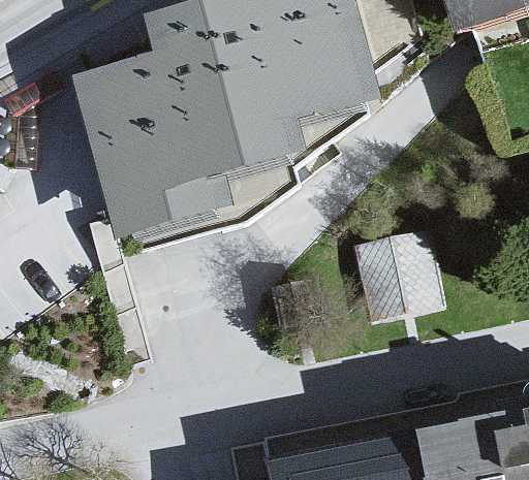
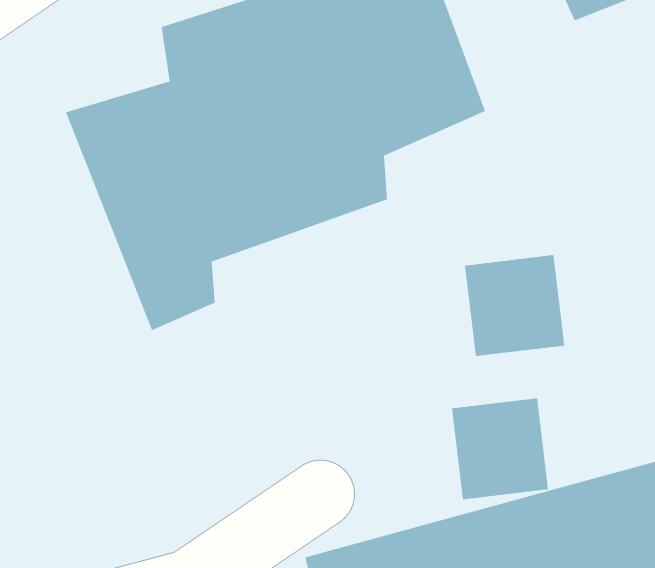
building: none -> [451,398,548,500]

